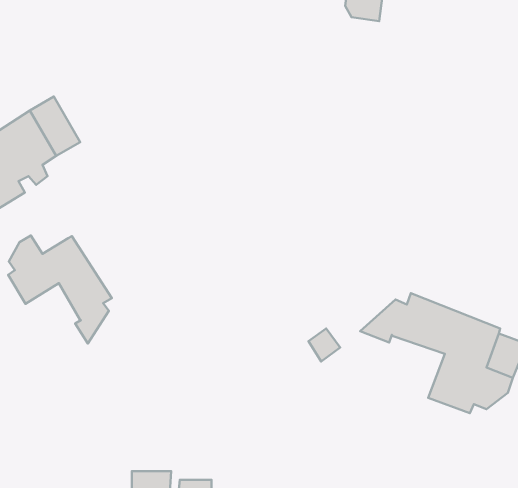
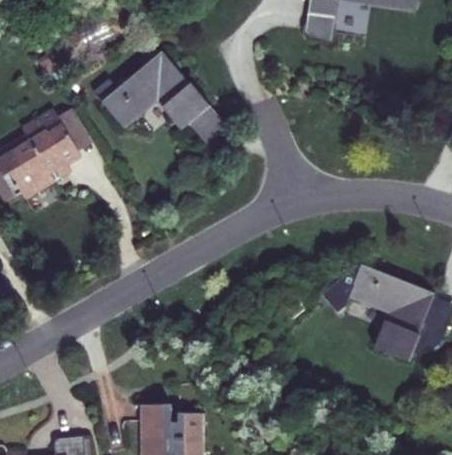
building: none -> [102,52,225,142]
building: [8,236,112,344] -> none

